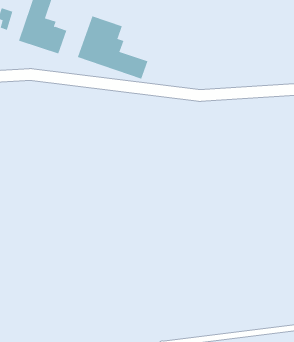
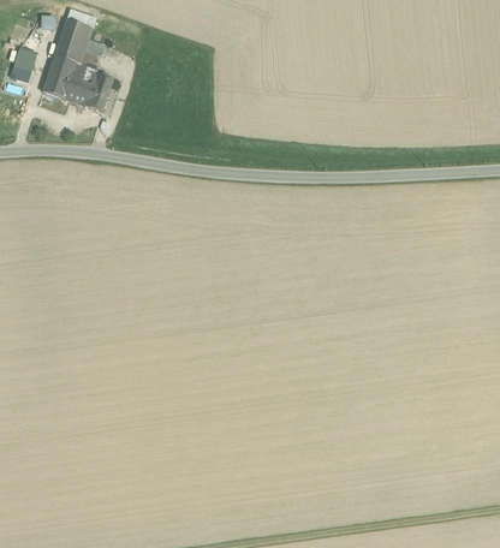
building: [77,16,148,79] -> none

